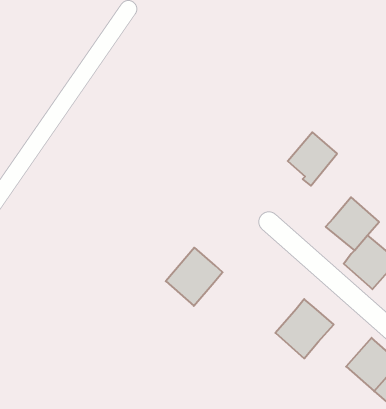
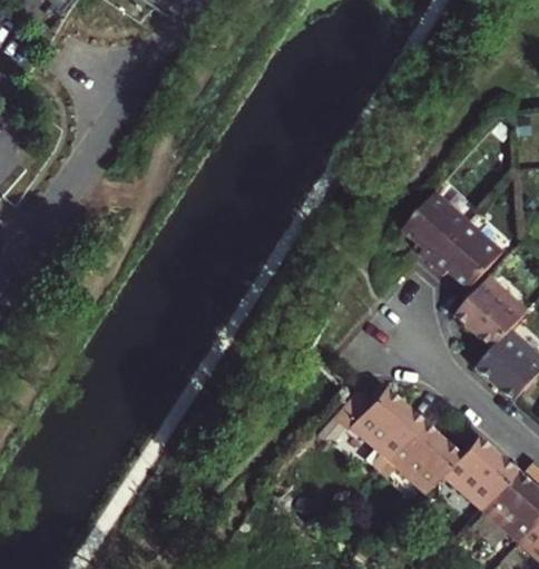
building: none -> [432,219,508,293]
building: [166,248,223,306] -> [346,383,423,462]
building: none -> [442,435,514,508]

